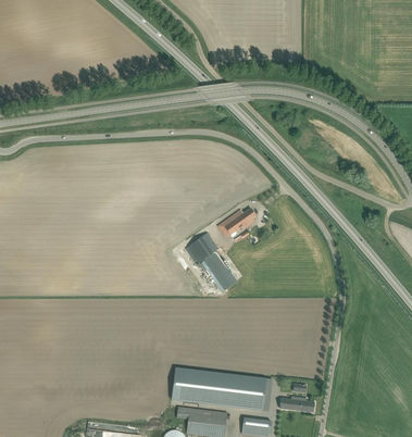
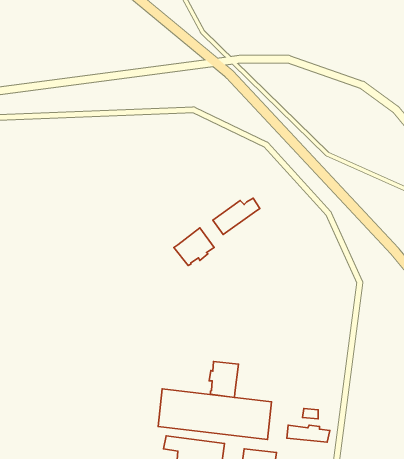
building: [197,252,237,291] -> none
building: none -> [209,361,239,398]

